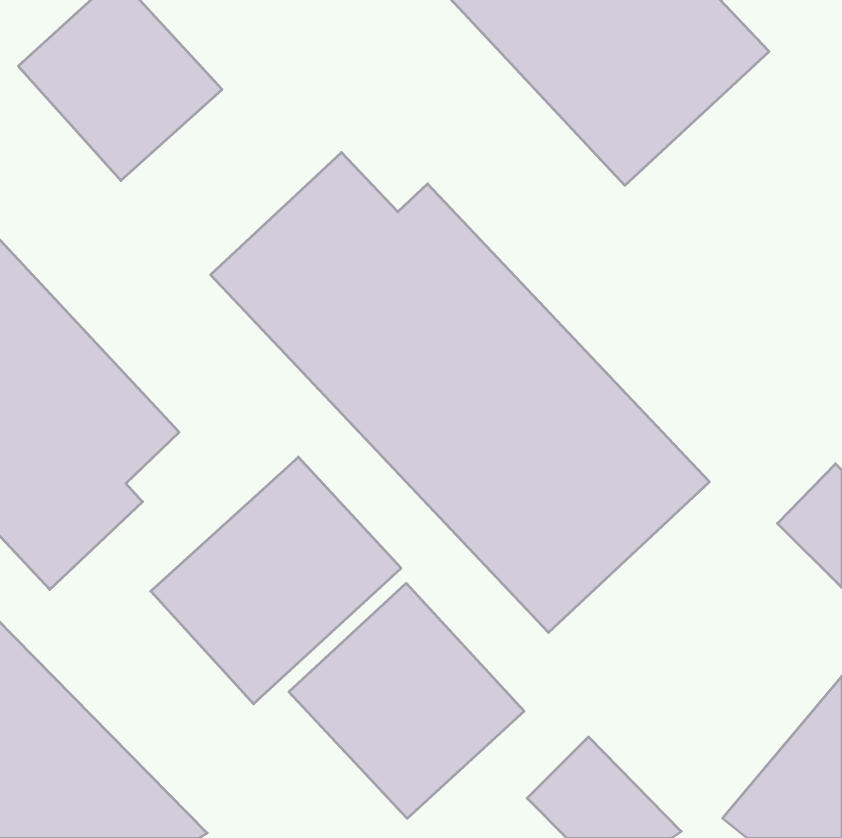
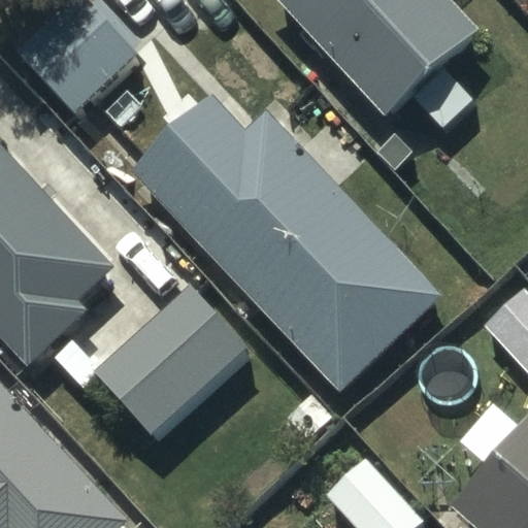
building: [289,583,524,818] -> none

